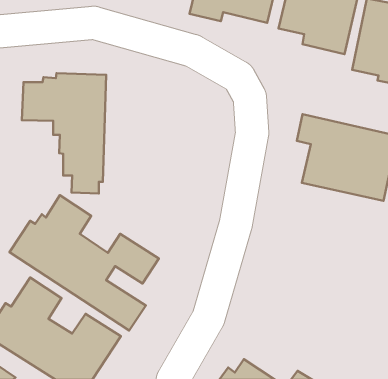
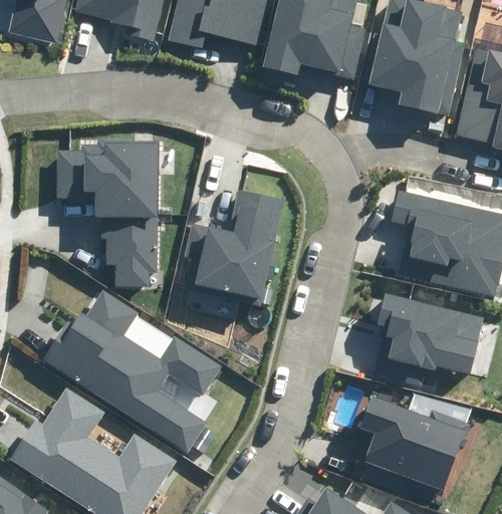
building: none -> [185,191,284,305]
building: none -> [378,294,485,387]
building: none -> [360,398,472,491]

